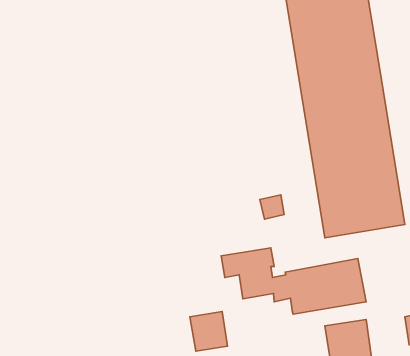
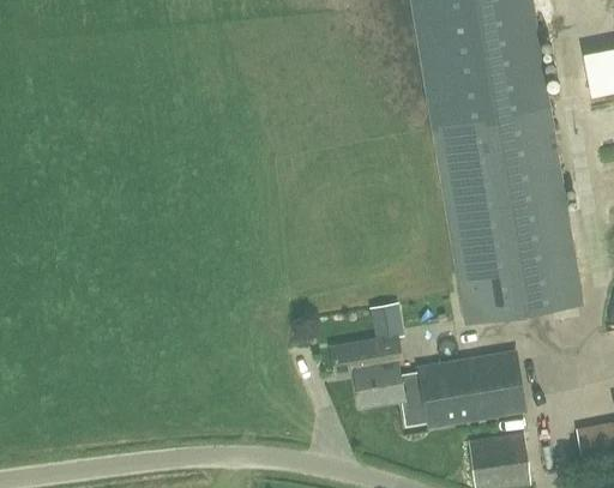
building: [260,195,284,219] -> [374,305,407,337]
building: [190,311,227,351] -> none

